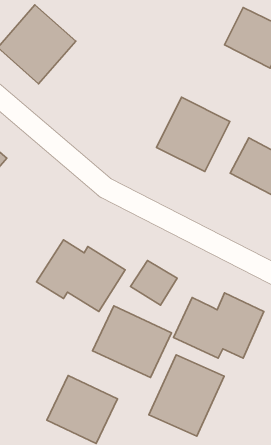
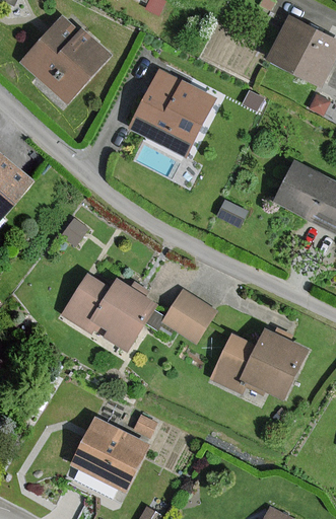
building: [156,97,230,172] -> [129,70,209,151]
building: [93,306,172,378] -> none
building: [149,355,224,436] -> none

